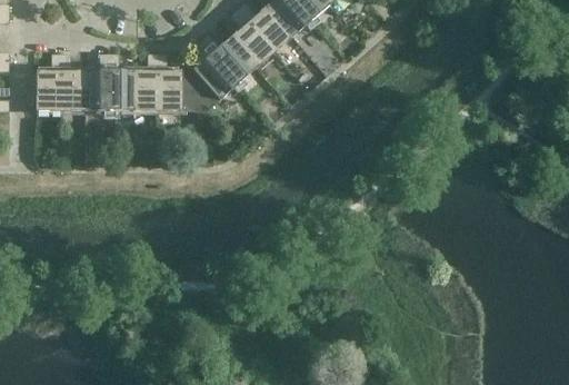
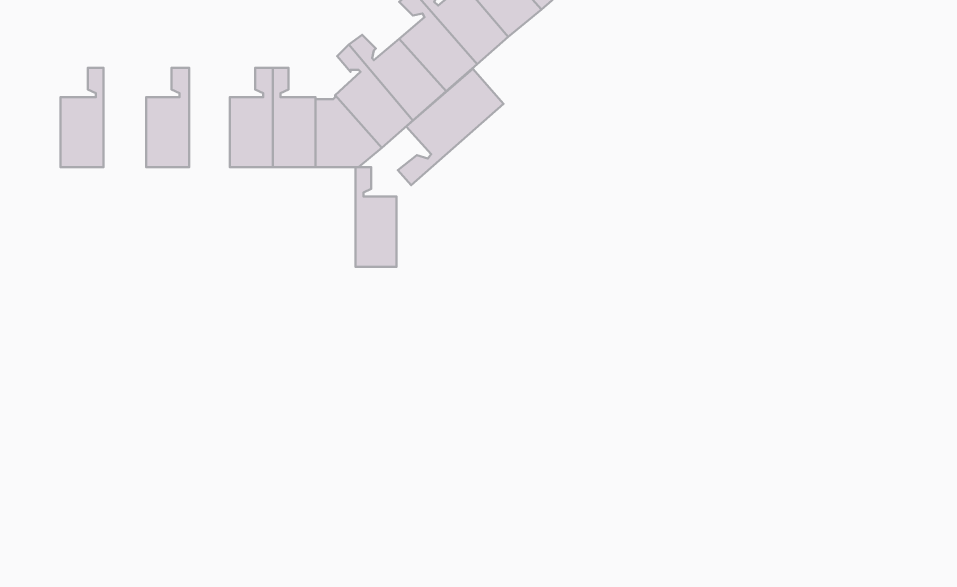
building: [60,55,84,111] -> none
building: [109,55,132,111] -> [356,167,397,267]
building: none -> [398,69,503,185]

